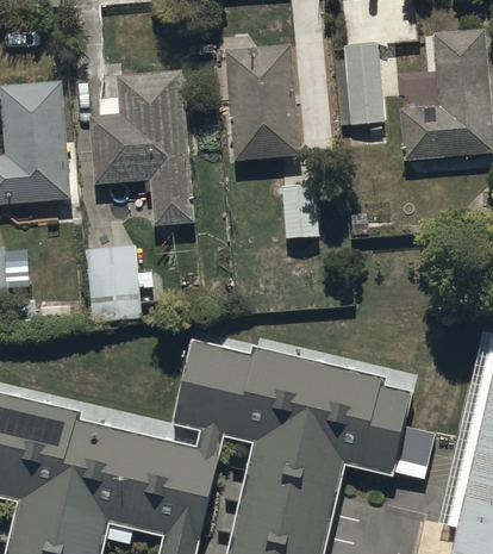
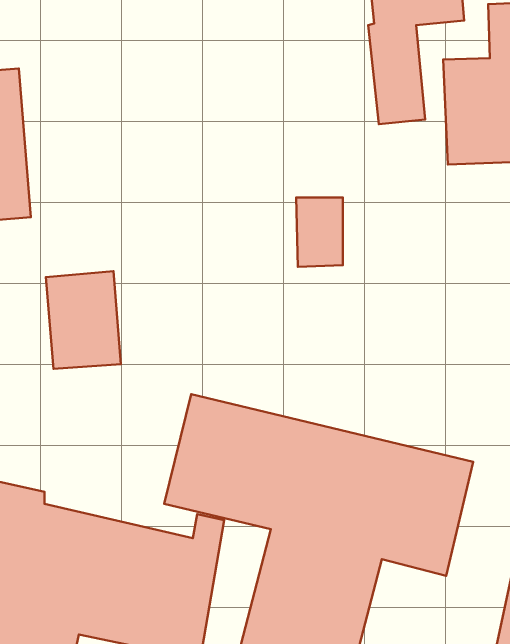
building: [223,42,301,161] -> none
building: [88,73,193,225] -> none

